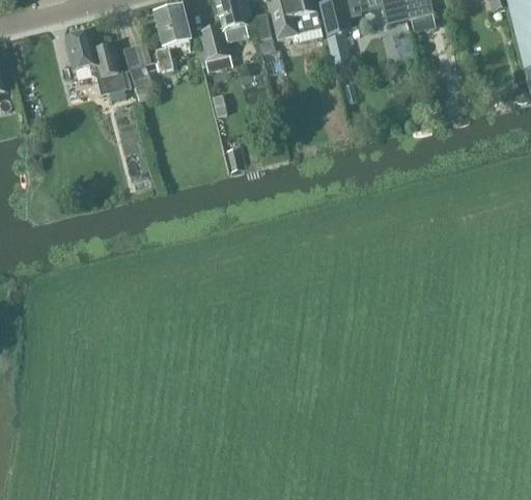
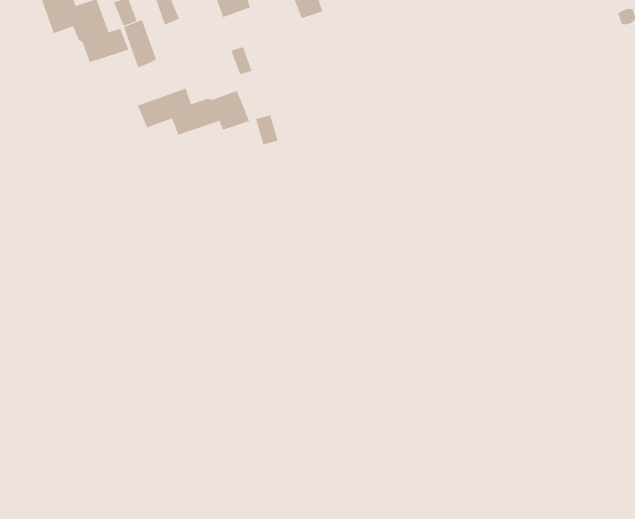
building: none -> [137,88,250,136]

